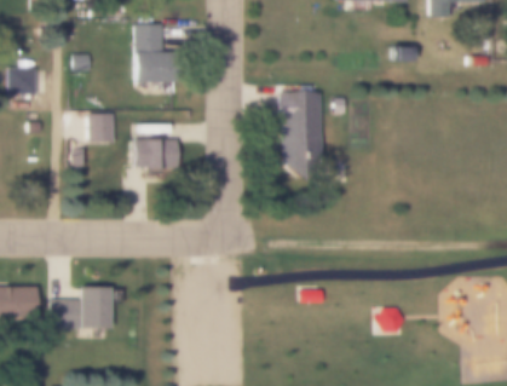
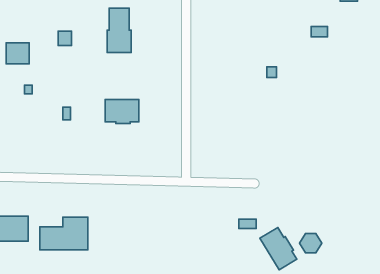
building: [283,92,322,167] -> none
building: [90,113,115,143] -> none
building: none -> [260,227,297,270]

